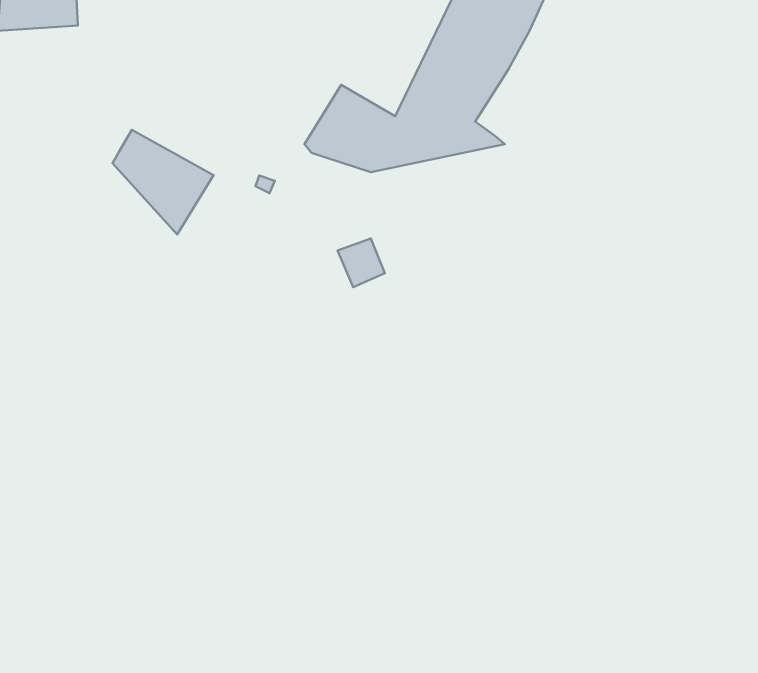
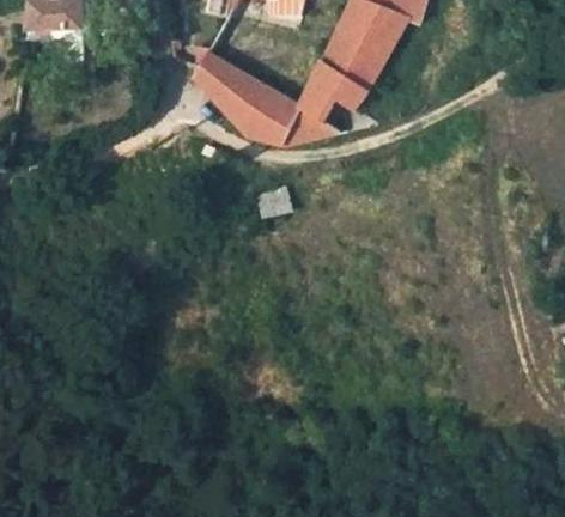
building: [113,130,214,235] -> [193,51,262,123]

